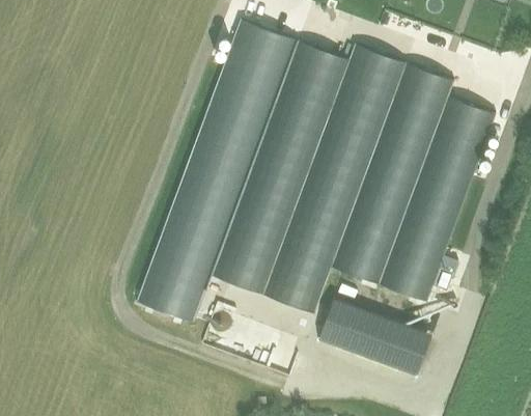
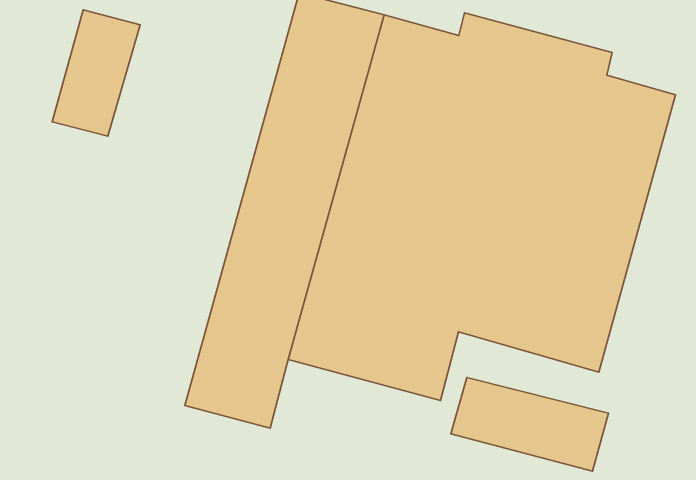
building: none -> [52,10,140,136]

